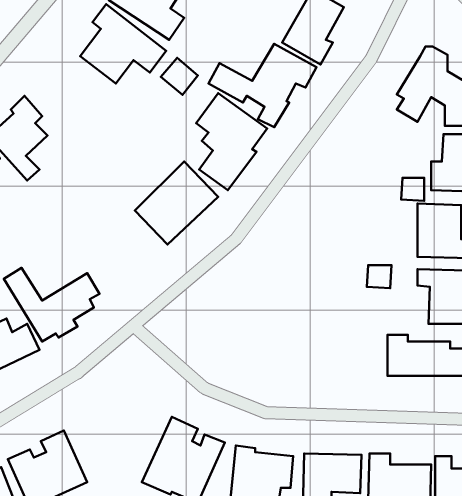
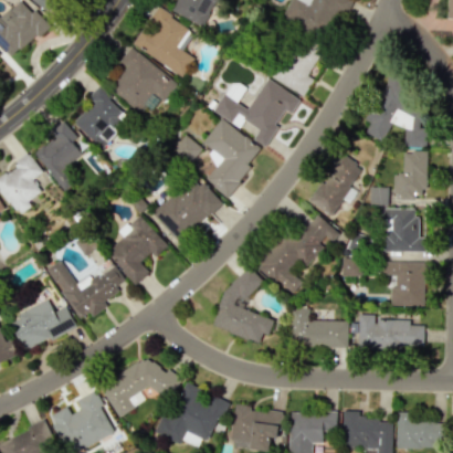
building: none -> [74,86,128,146]
building: [161,58,198,95] -> [172,134,202,164]
building: none -> [308,154,364,215]
building: none -> [257,214,340,293]
building: none -> [106,217,168,284]
building: none -> [211,266,275,344]
building: none -> [291,307,348,346]
building: none -> [103,356,182,417]

